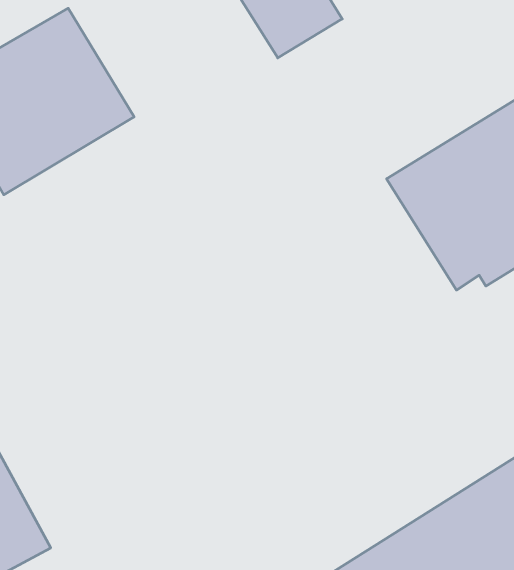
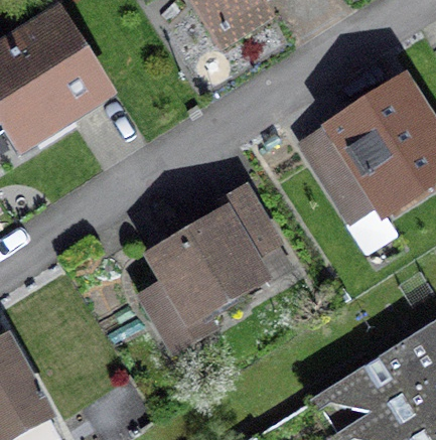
building: none -> [140,182,286,357]

